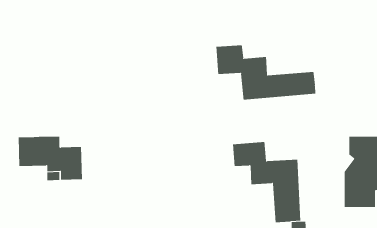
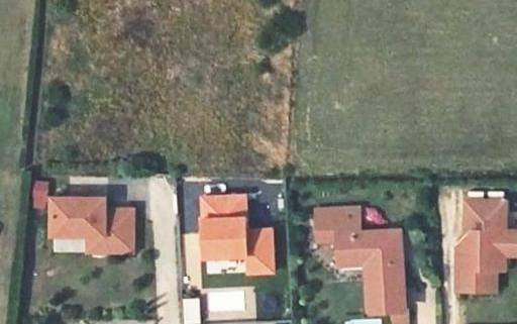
building: [216,44,316,100] -> none
building: none -> [197,191,275,272]

